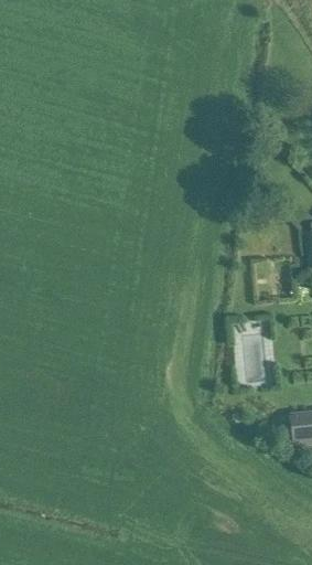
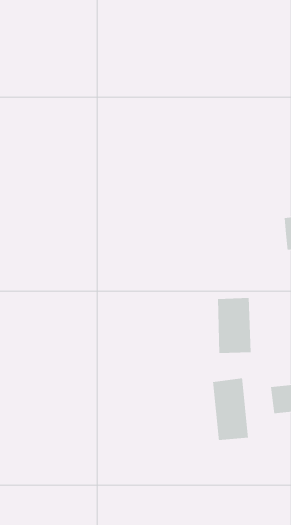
building: none -> [213,378,249,441]

